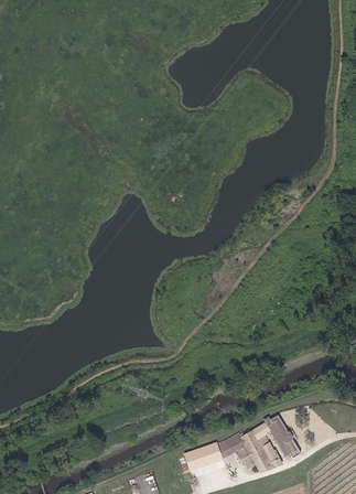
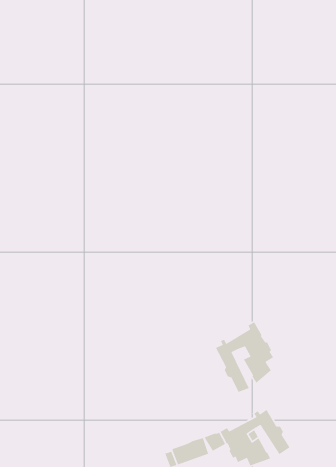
building: none -> [215,321,274,393]

